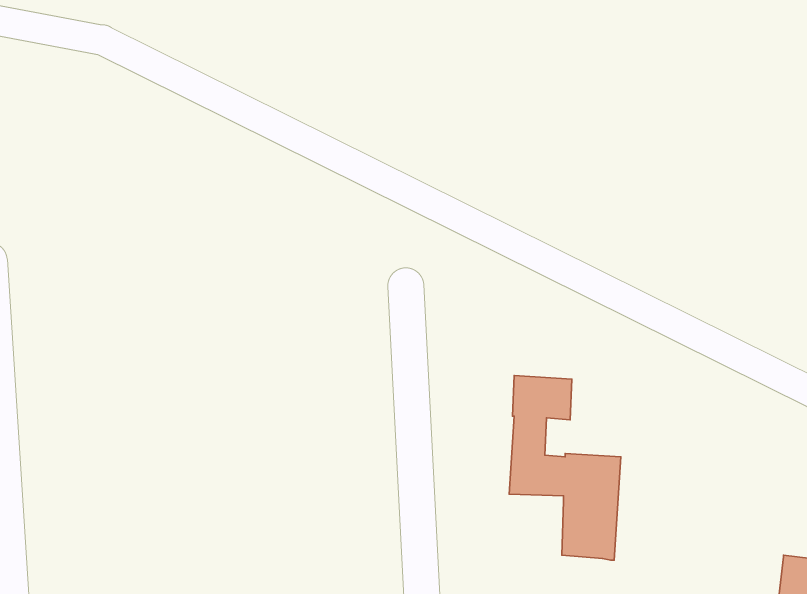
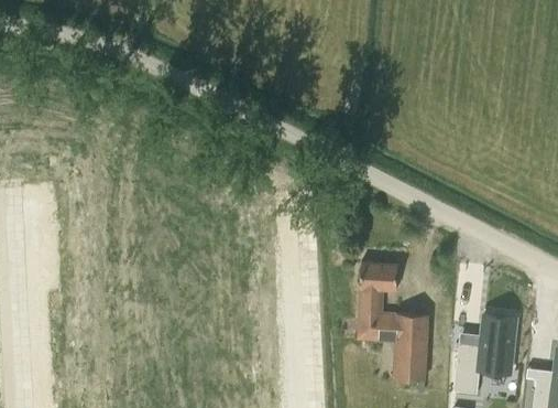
building: none -> [453,314,515,393]

